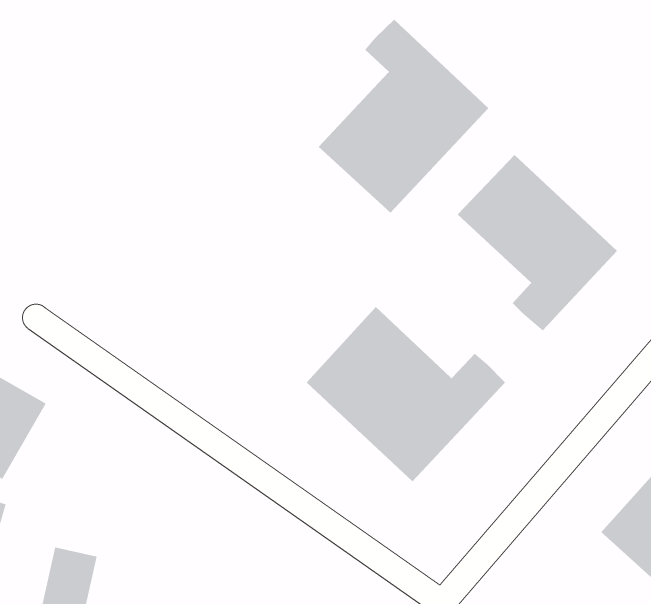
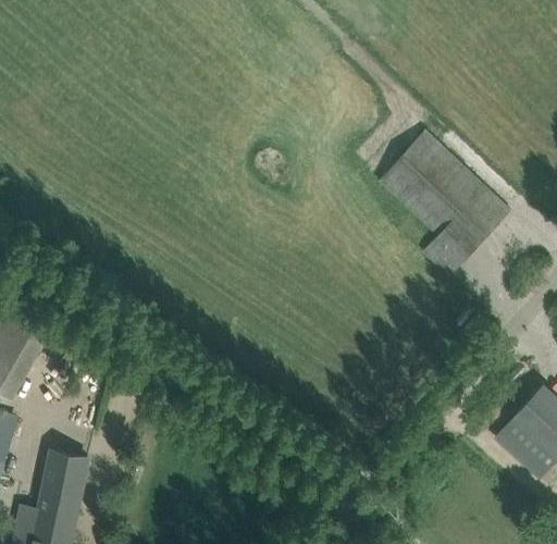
building: [318,19,489,214] -> none
building: [306,306,506,482] -> none

